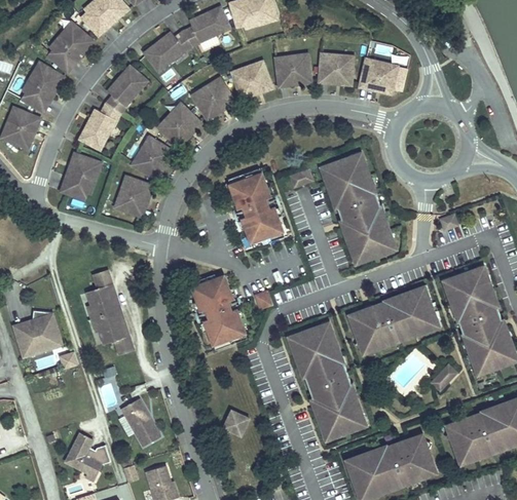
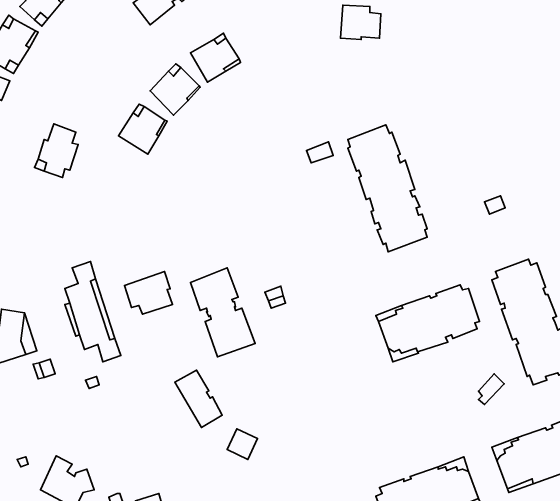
building: [275,54,310,85] -> none
building: [359,57,396,90] -> none
building: [232,64,270,99] -> none
building: [79,66,146,148] -> none
building: [227,166,284,246] -> none
building: [115,178,150,216] -> none
building: none -> [124,272,172,314]
building: [293,322,363,436] -> none
building: [120,397,160,446] -> [175,370,222,427]

